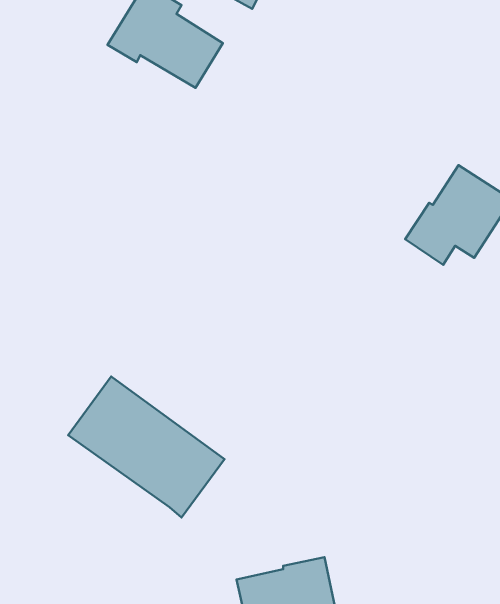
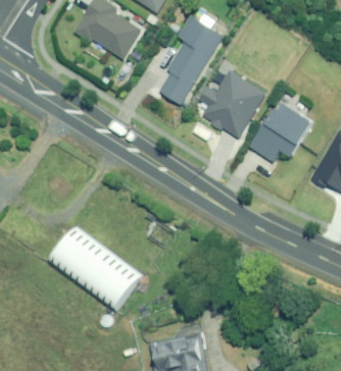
building: none -> [157,12,225,103]
building: none -> [190,70,265,138]

